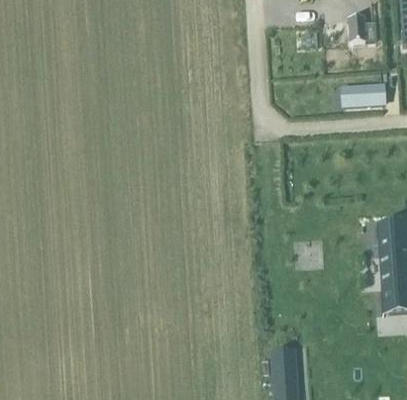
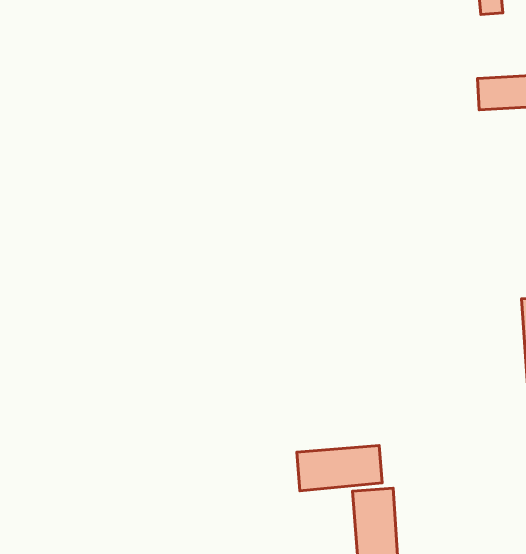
building: none -> [297,446,382,491]

